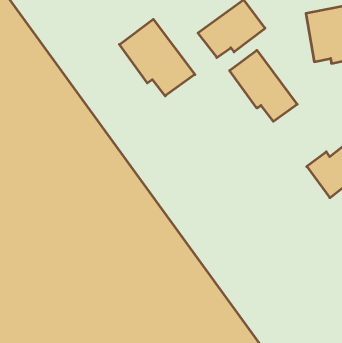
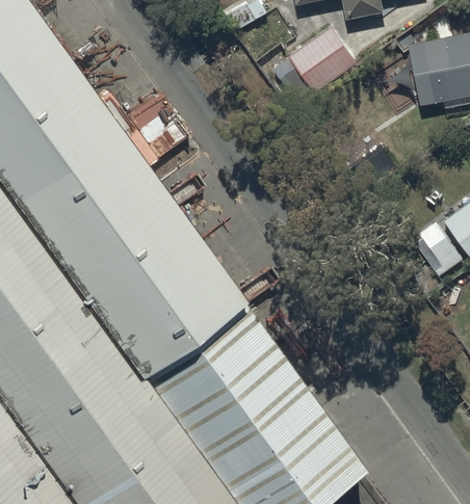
building: [119,19,195,96] -> none
building: [230,50,297,121] -> none

